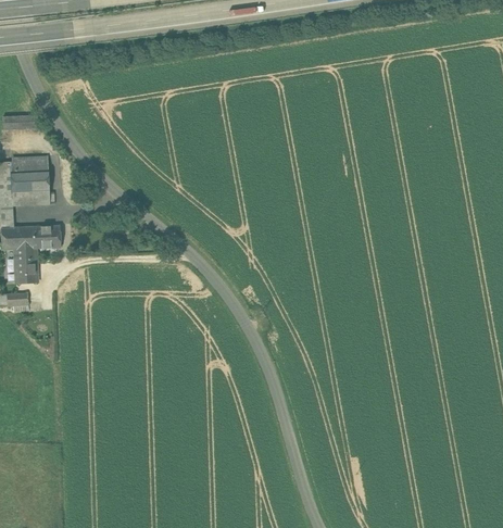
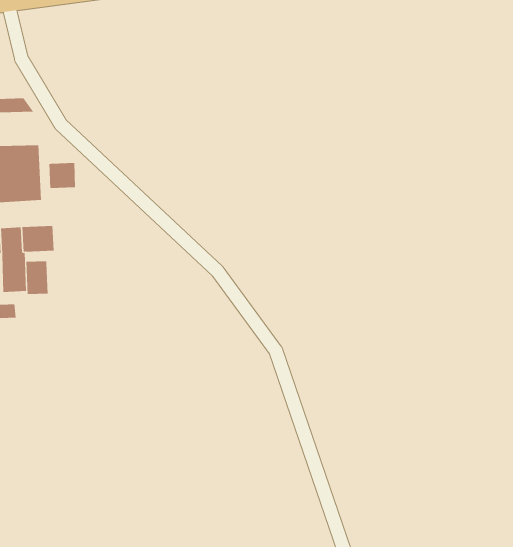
building: none -> [49,162,75,189]
building: none -> [26,261,48,295]

